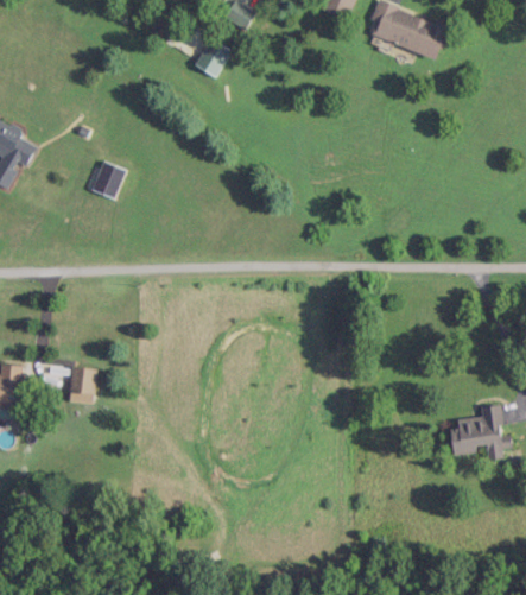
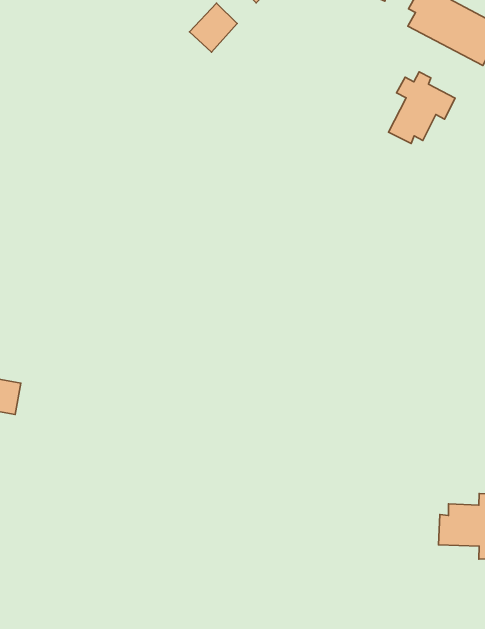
building: none -> [388,72,455,143]
building: [91,162,125,198] -> none

